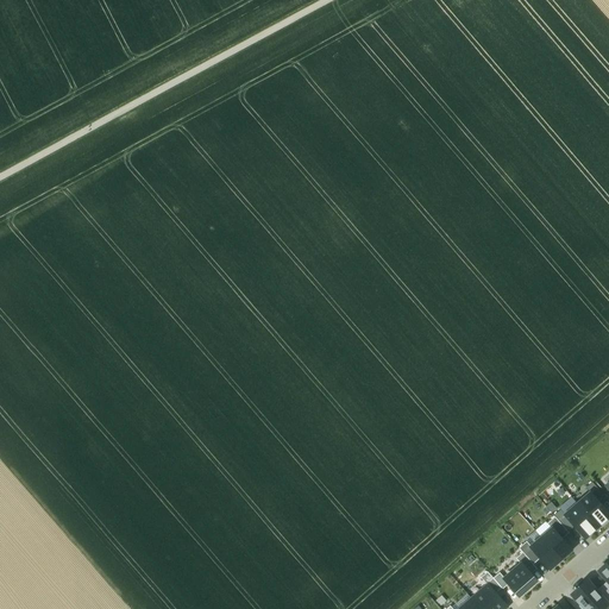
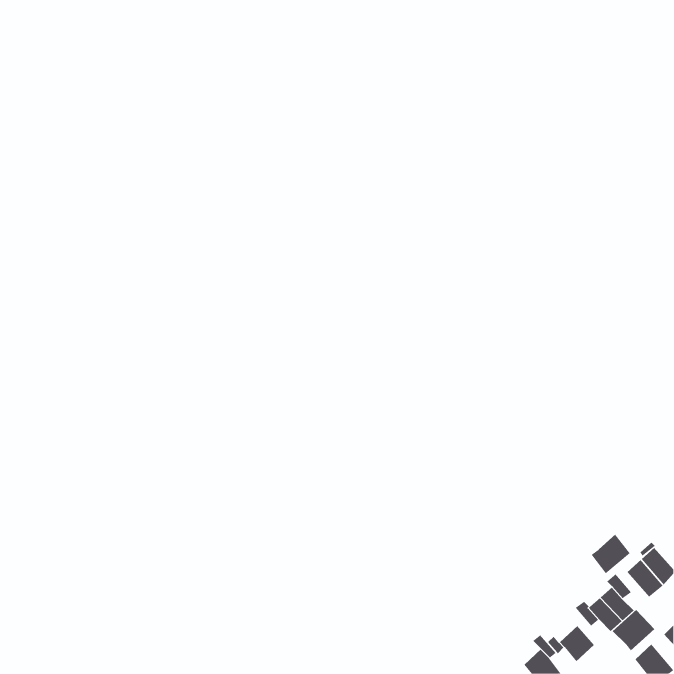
building: none -> [591,534,630,574]
building: none -> [612,609,655,651]

